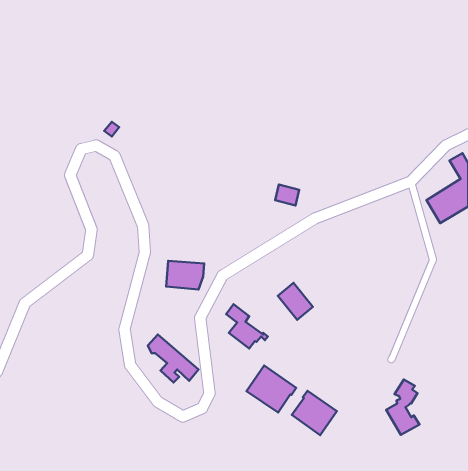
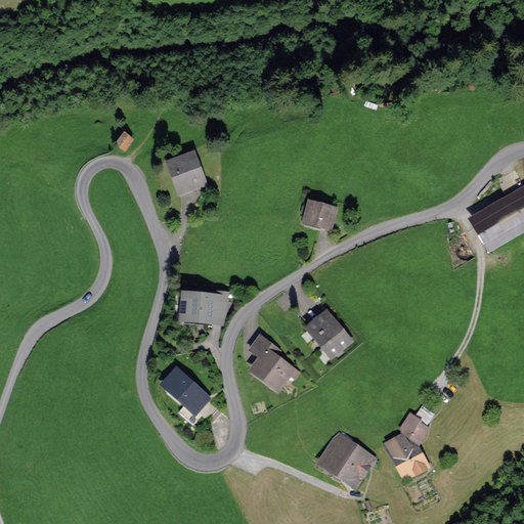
building: none -> [169,156,214,196]
building: [246,366,296,413] -> none
building: [386,379,419,435] -> [389,413,426,475]

